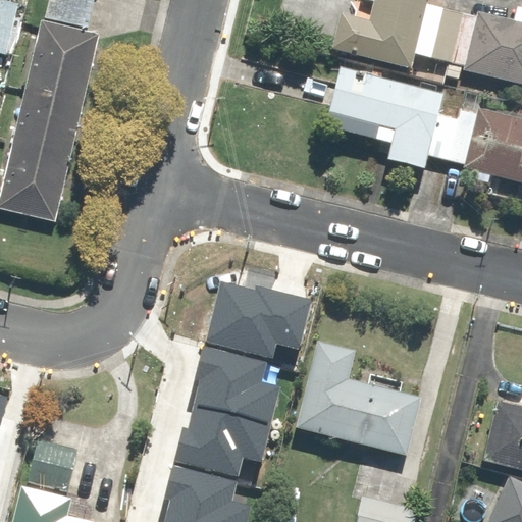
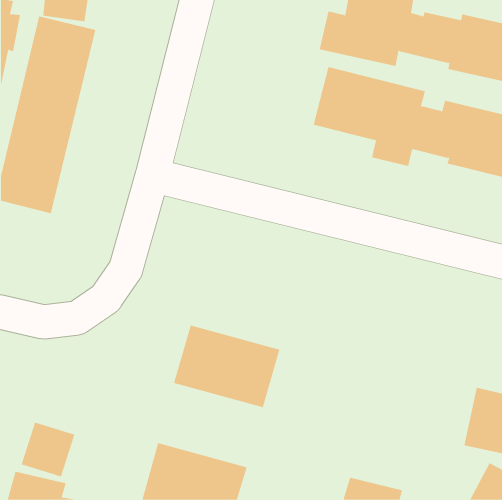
building: [200,273,309,360] -> none
building: [296,341,417,453] -> none
building: [166,395,275,481] -> none

